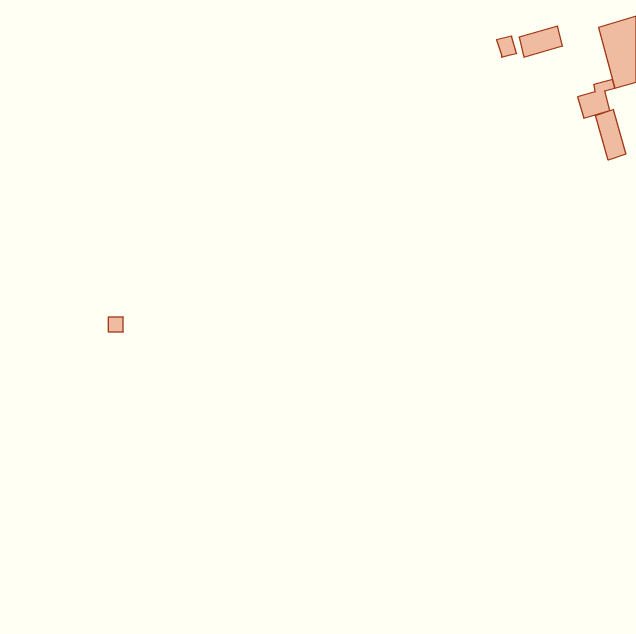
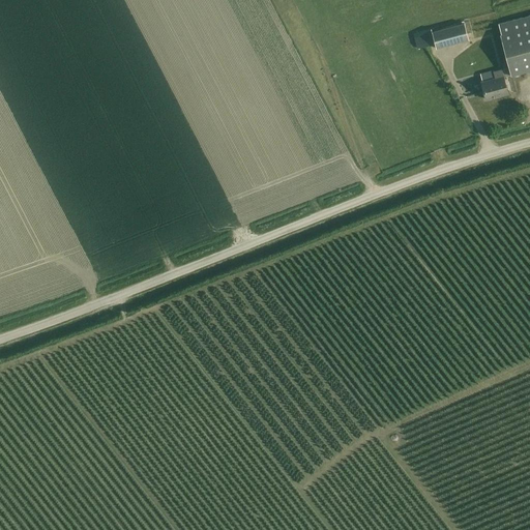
building: [596,109,626,160] -> none

